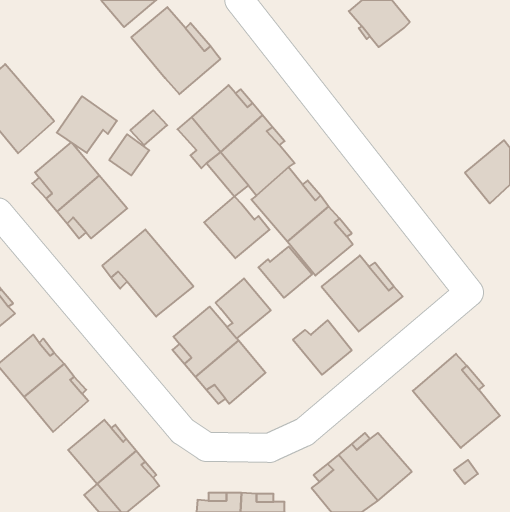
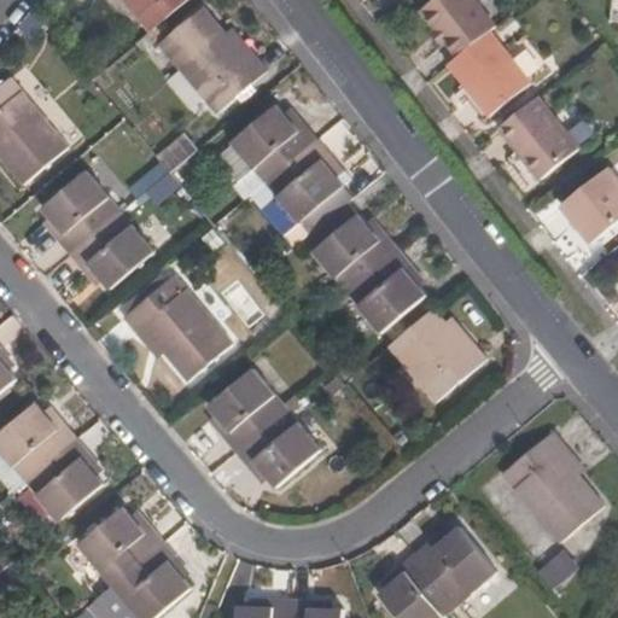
building: none -> [445,34,529,118]
building: none -> [497,99,577,181]
building: [57,96,117,153] -> none
building: [204,196,270,258] -> none
building: [258,247,312,298] -> none
building: [216,278,271,338] -> none
building: [293,320,352,375] -> none

